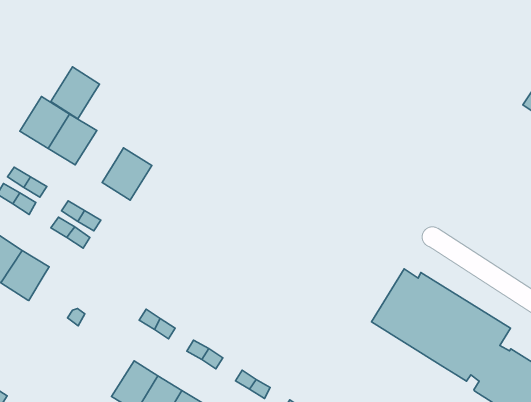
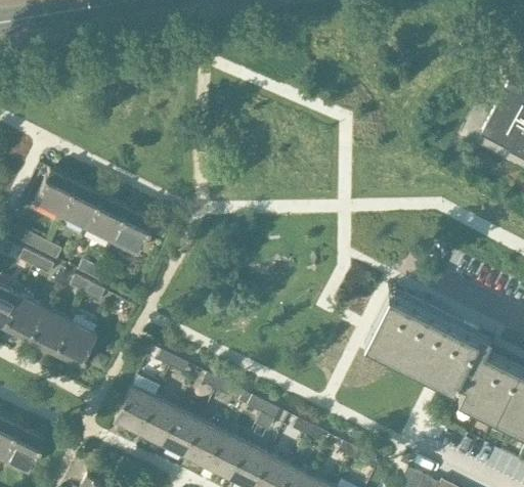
building: [51,67,99,119] -> [85,196,127,242]
building: none -> [54,322,96,367]
building: none -> [115,387,155,433]

